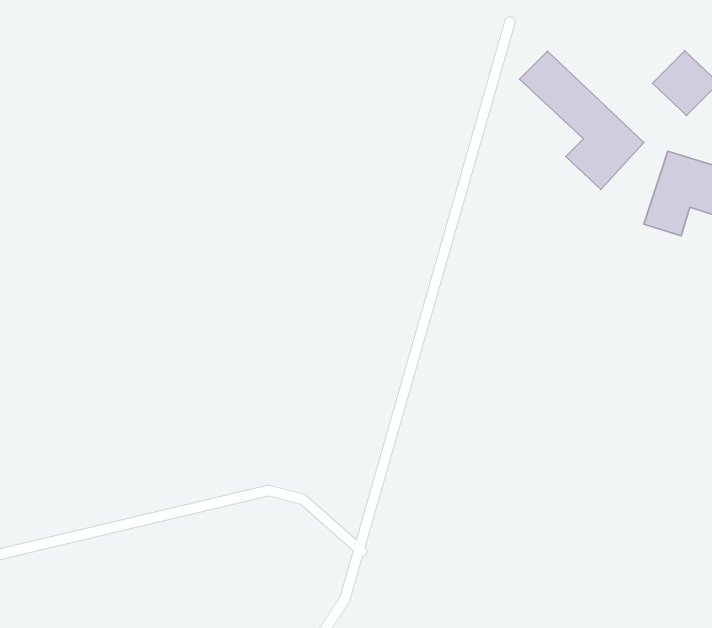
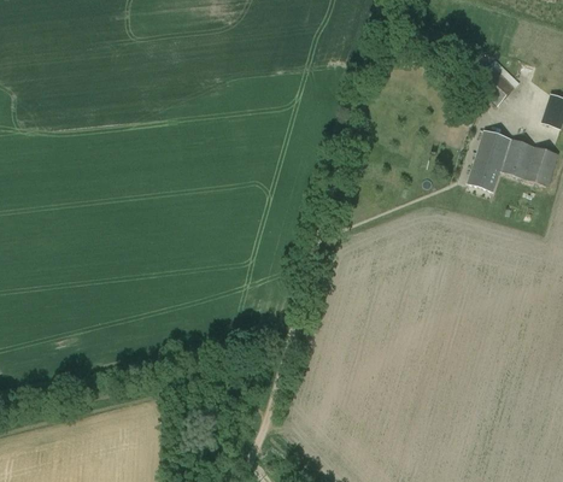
building: [520,51,644,189] -> none

